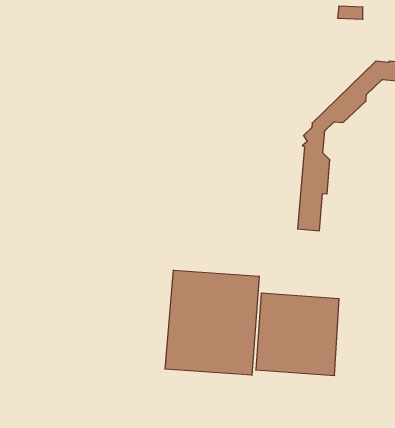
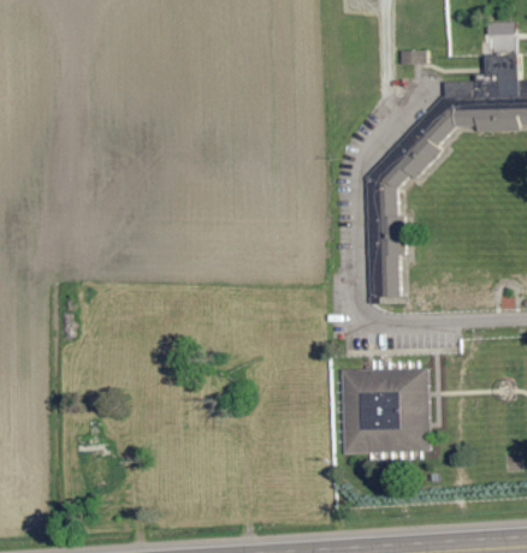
building: [165,270,259,375] -> none

